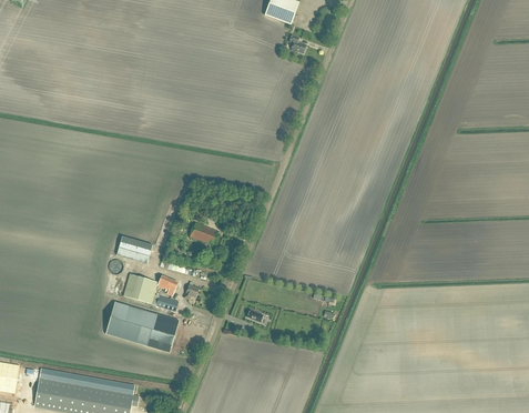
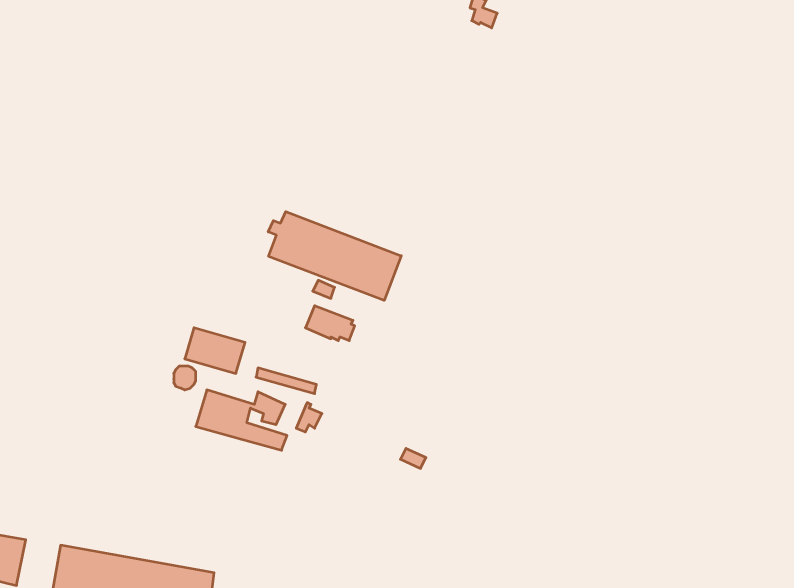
building: none -> [268,212,401,300]
building: [104,301,179,352] -> none

